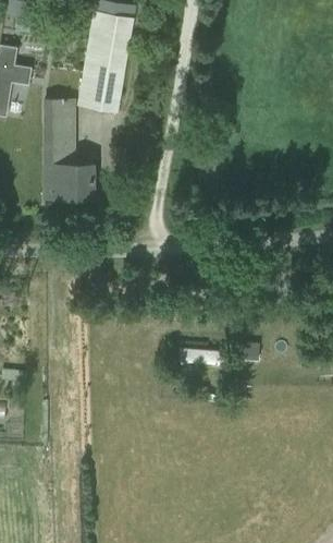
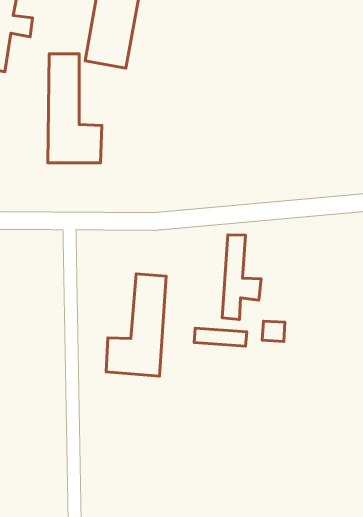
building: none -> [222,235,261,320]
building: none -> [106,274,166,376]

